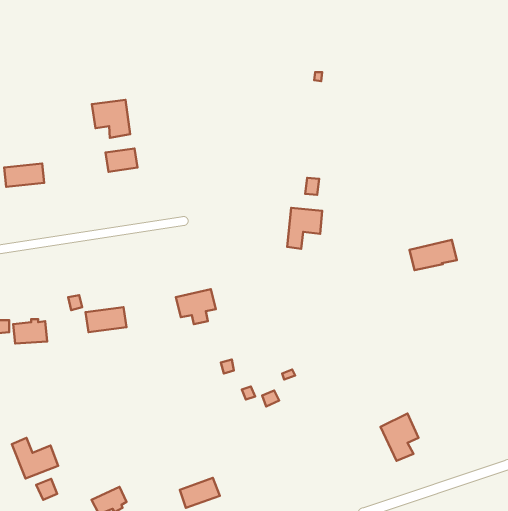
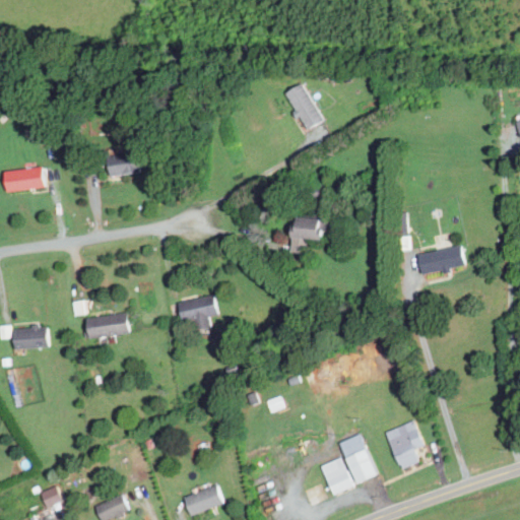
building: none -> [284,77,323,132]
building: [92,100,130,138] -> none
building: none -> [339,434,378,483]
building: [12,438,58,479] -> none
building: none -> [319,457,351,495]

